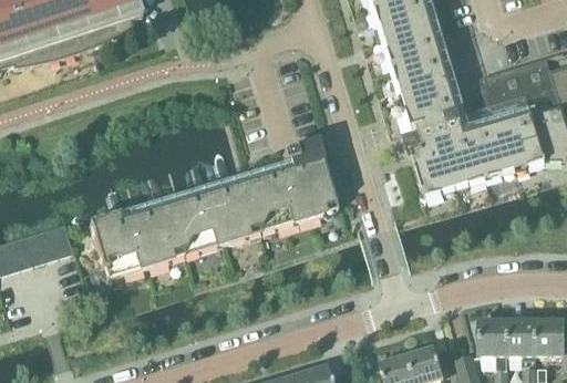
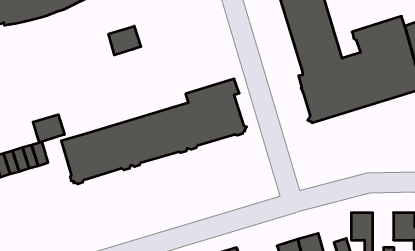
building: none -> [109,26,141,55]
building: none -> [33,115,64,143]
building: [507,318,535,354] -> none

